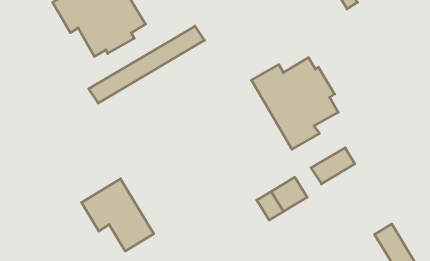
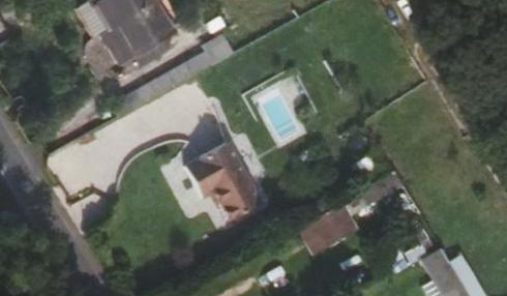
building: [251,58,338,149] -> none
building: [82,179,154,251] -> [178,148,257,227]

